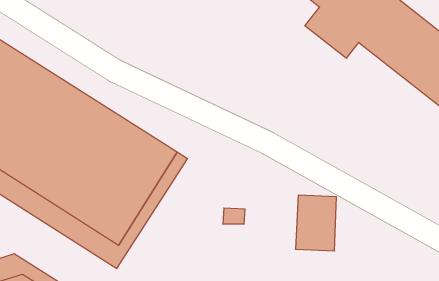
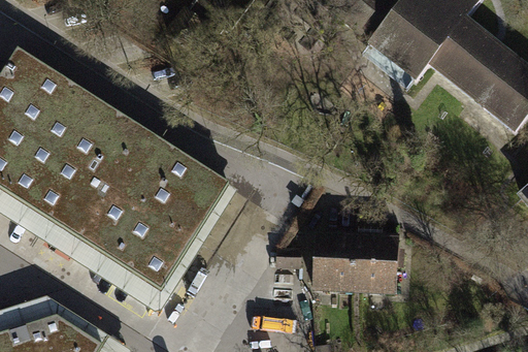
building: none -> [311,227,358,289]

